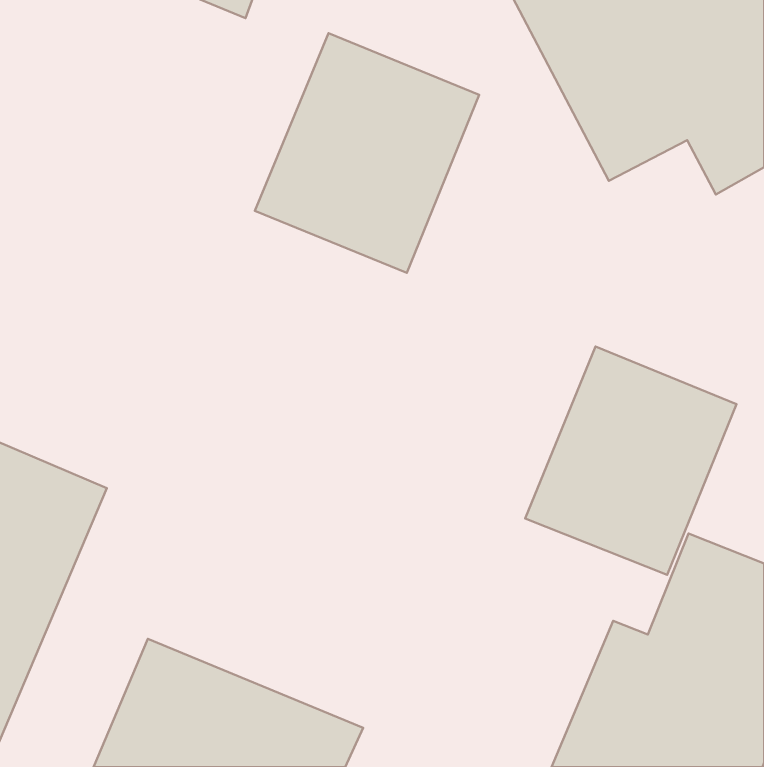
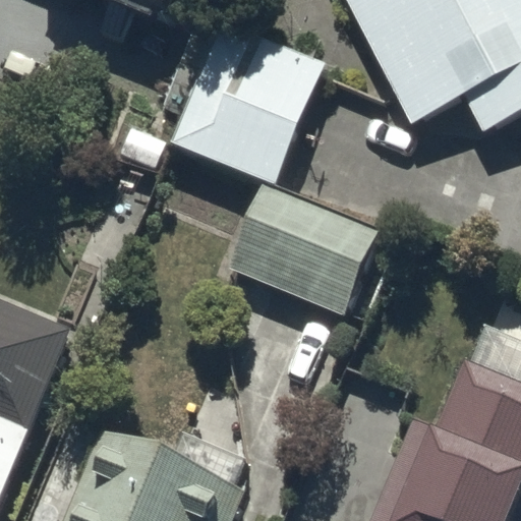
building: none -> [227,183,379,316]
building: [525,347,737,575] -> none

